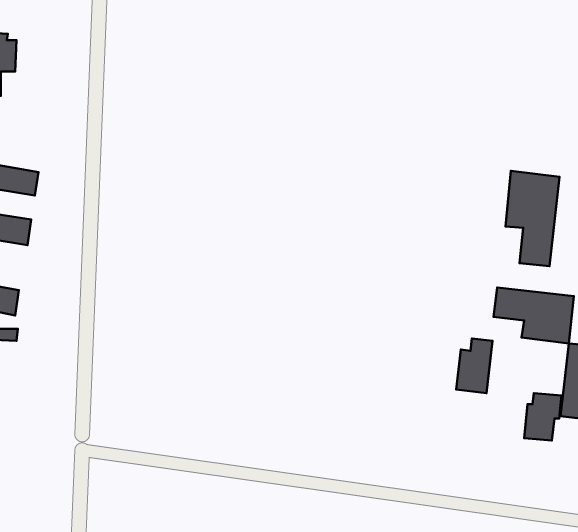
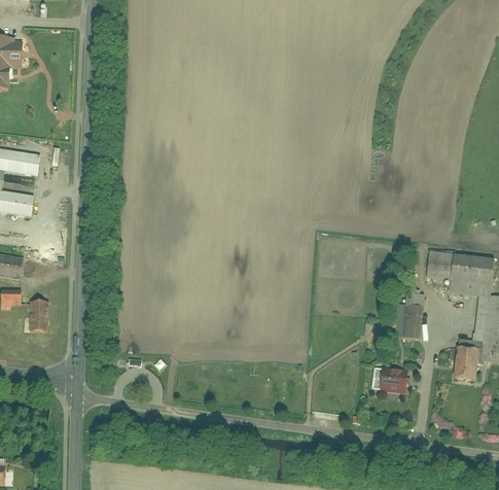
building: [506,171,560,266] -> none
building: none -> [29,299,48,328]
building: none -> [373,365,408,390]

